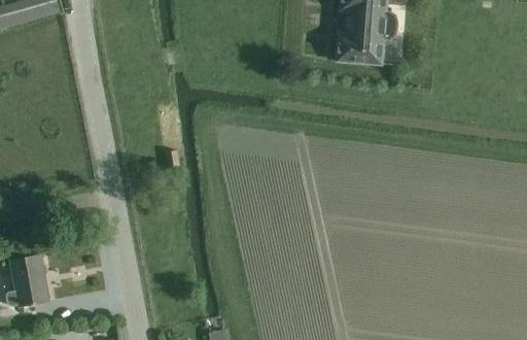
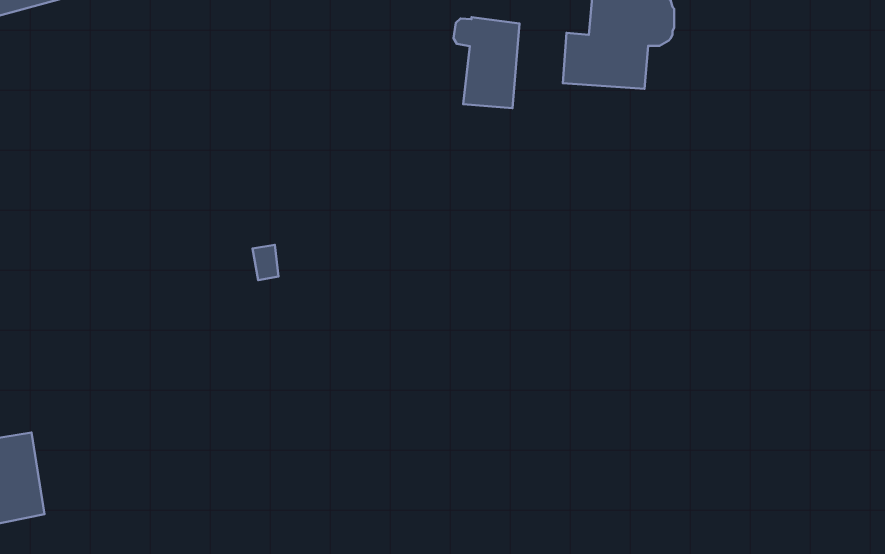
building: none -> [454,17,519,108]

